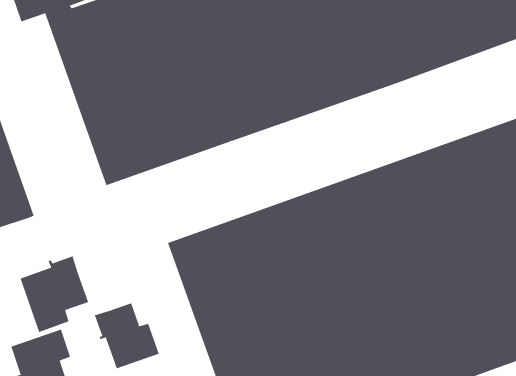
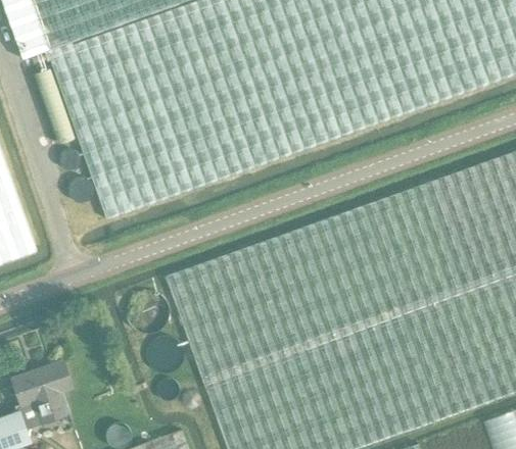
building: [20,255,89,333] -> none
building: [94,302,160,369] -> none

